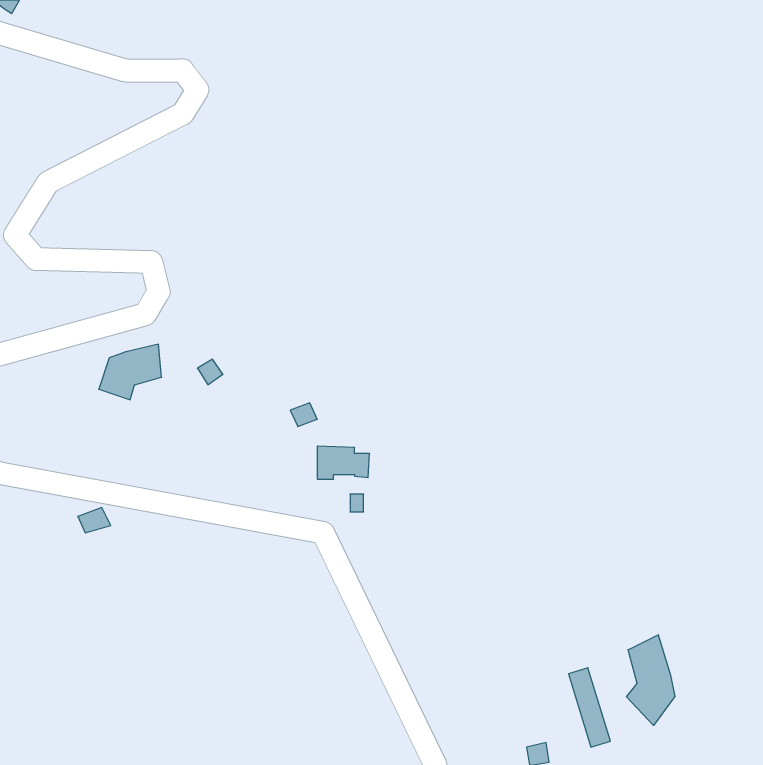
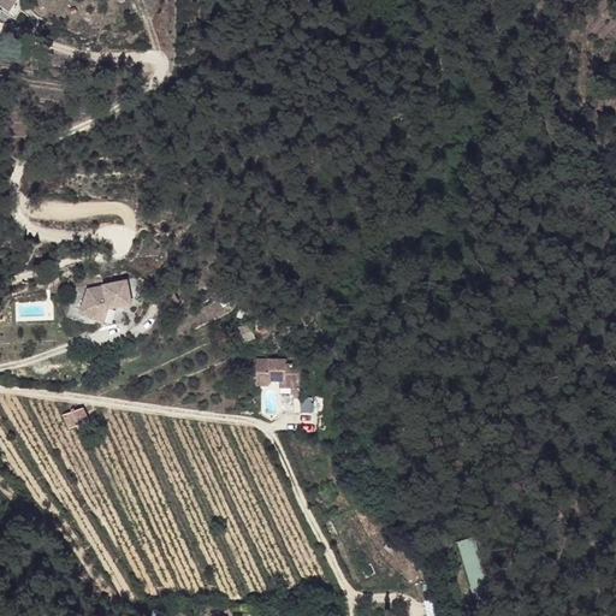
building: [627,635,675,725] -> none

